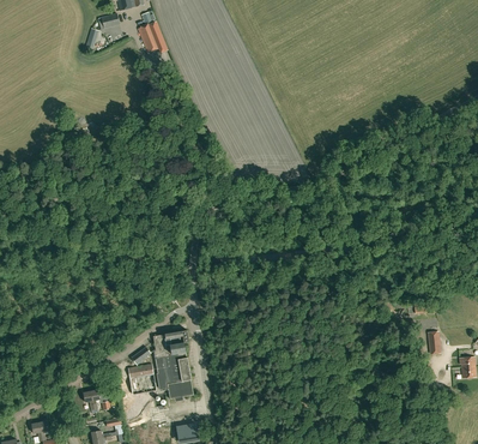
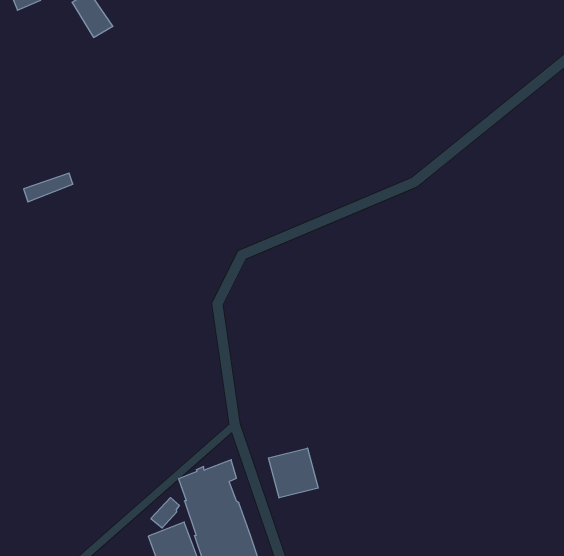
building: none -> [268,448,318,498]

